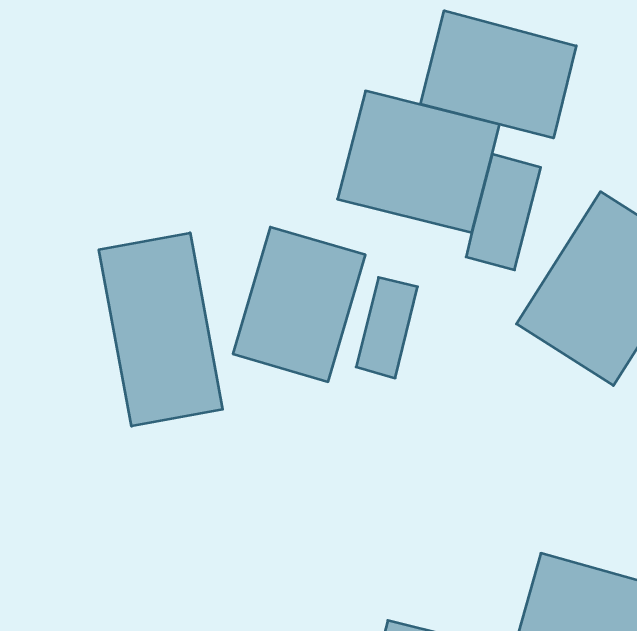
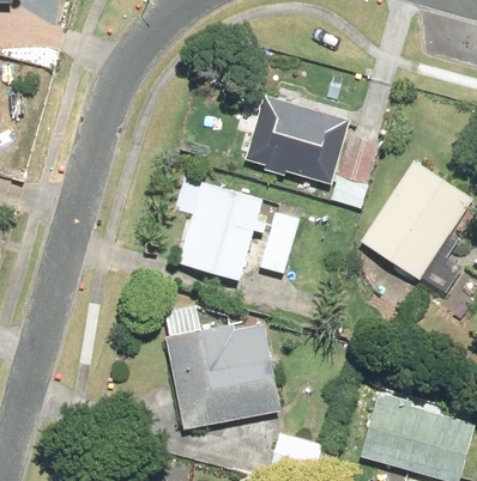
building: [421,11,576,138] -> none
building: [99,233,223,426] -> none
building: none -> [161,308,280,431]

